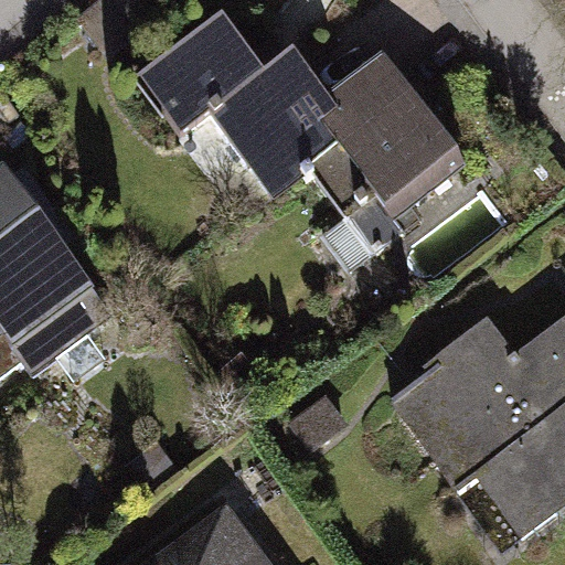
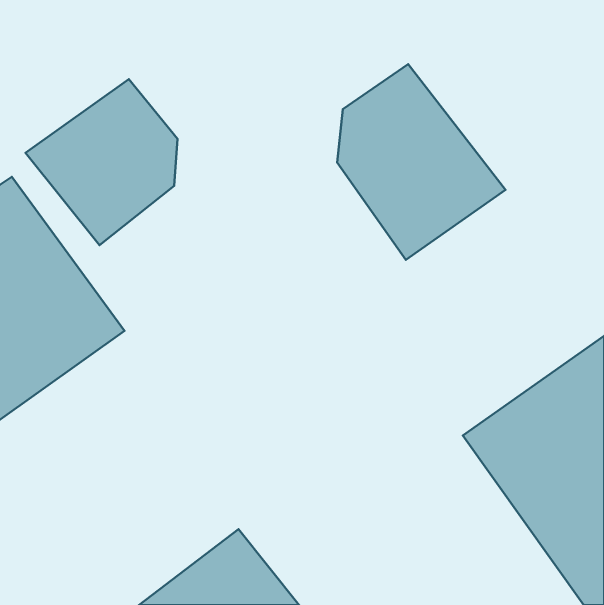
building: [131,18,319,190] -> none
building: none -> [26,79,177,245]

